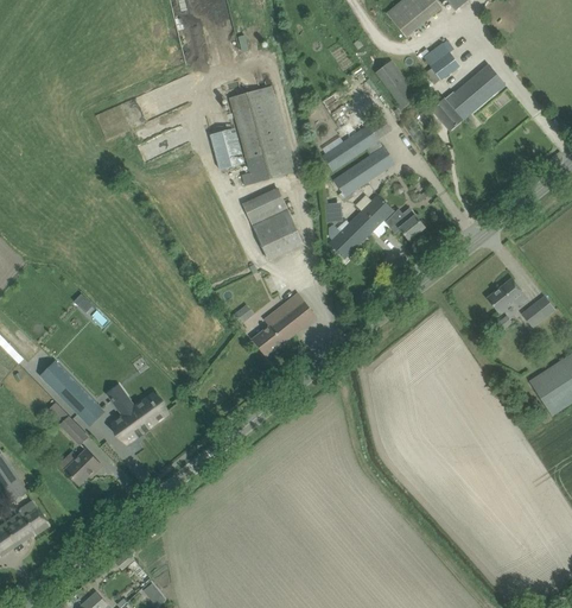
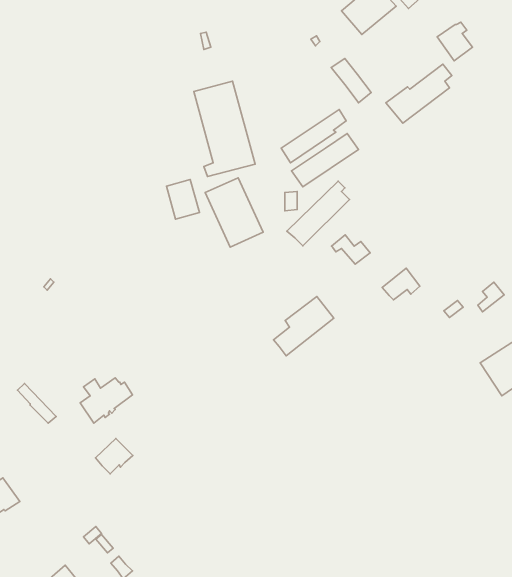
building: [422,39,459,80] -> [437,22,472,61]
building: [209,127,243,169] -> [166,179,199,219]
building: [383,208,424,239] -> [331,235,370,264]
building: [487,278,526,311] -> [382,268,420,300]
building: [253,293,316,355] -> [274,297,334,356]
building: [38,359,91,413] -> none
building: [63,448,102,484] -> [95,439,133,474]

